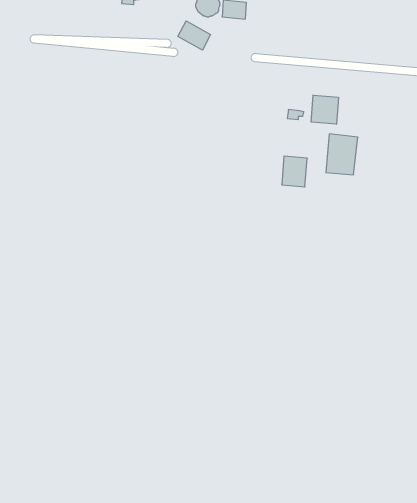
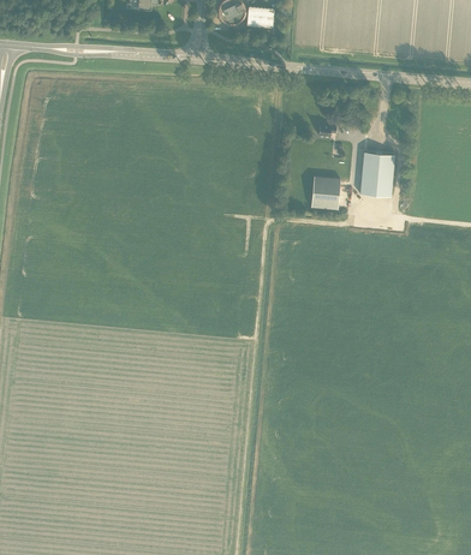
building: [178,21,211,50] -> none
building: [311,95,338,124] -> none

